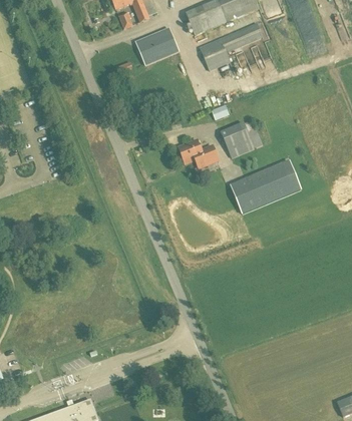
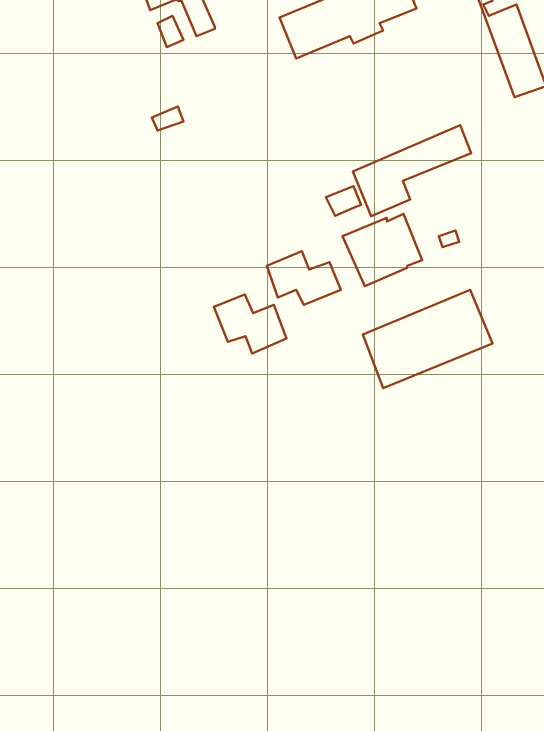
building: [200,21,264,70] -> [353,125,471,216]
building: [135,26,180,65] -> none
building: none -> [214,295,286,354]

